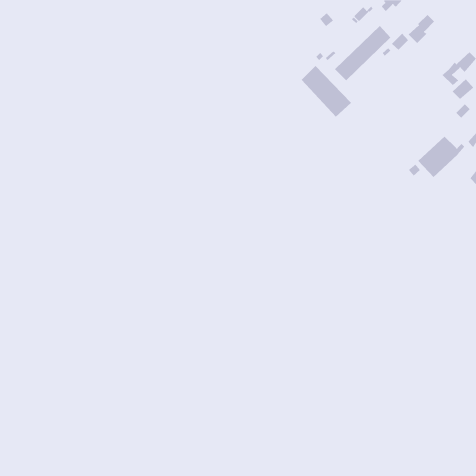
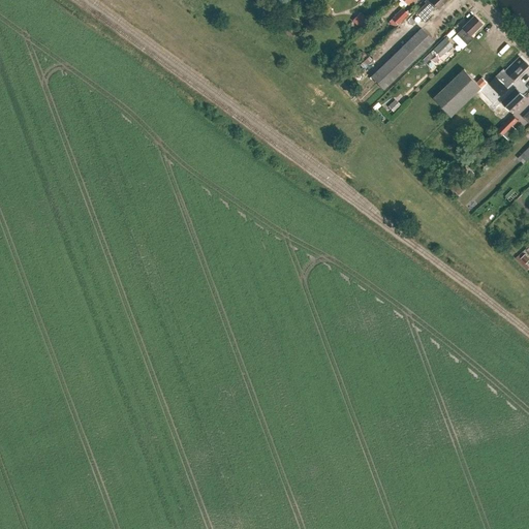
building: [301,65,352,118] -> none
building: [418,136,465,178] -> [435,69,488,116]

